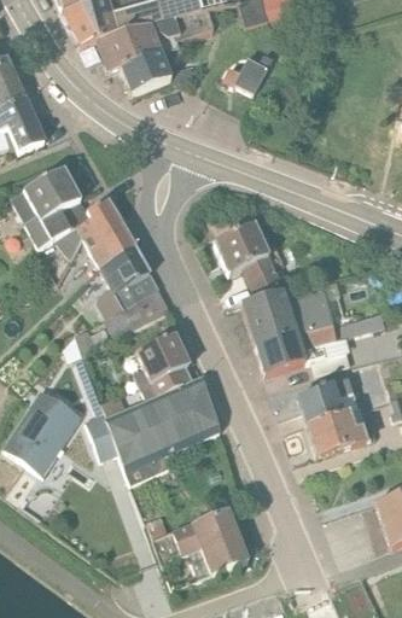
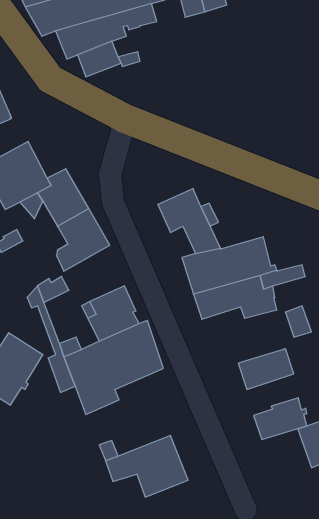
building: [222,52,273,93] -> none
building: [105,287,170,337] -> none
building: [297,375,359,424] -> [254,398,307,440]

